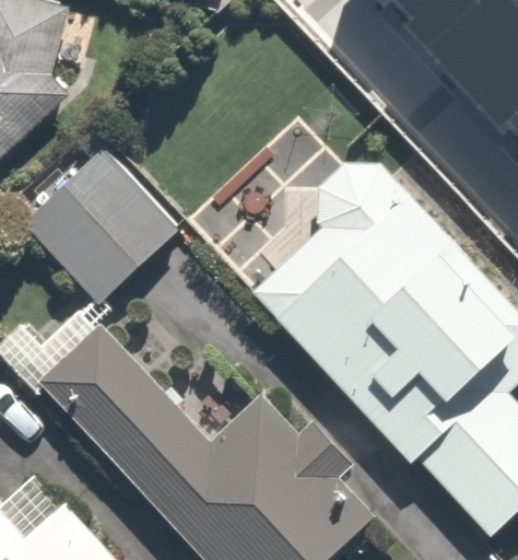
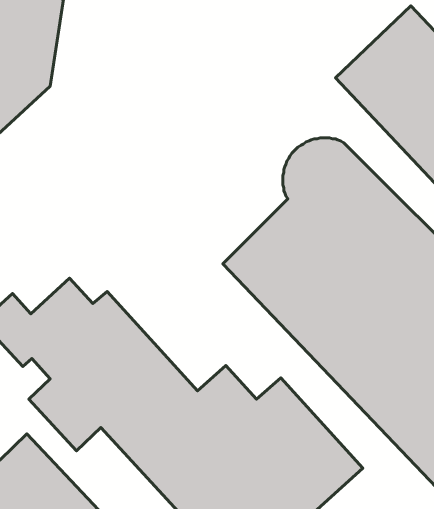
building: [19,145,184,311] -> none

